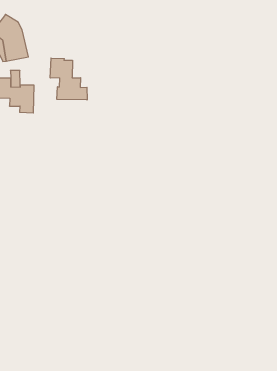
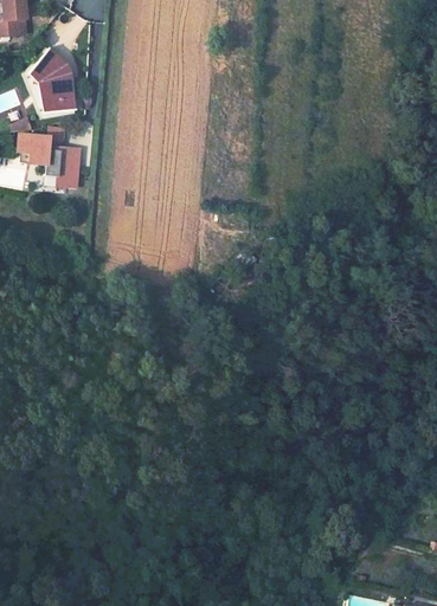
building: [50,58,87,100] -> none

